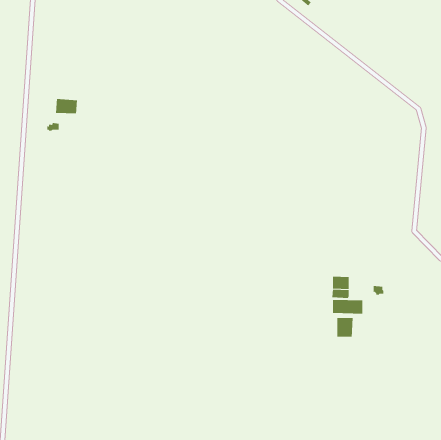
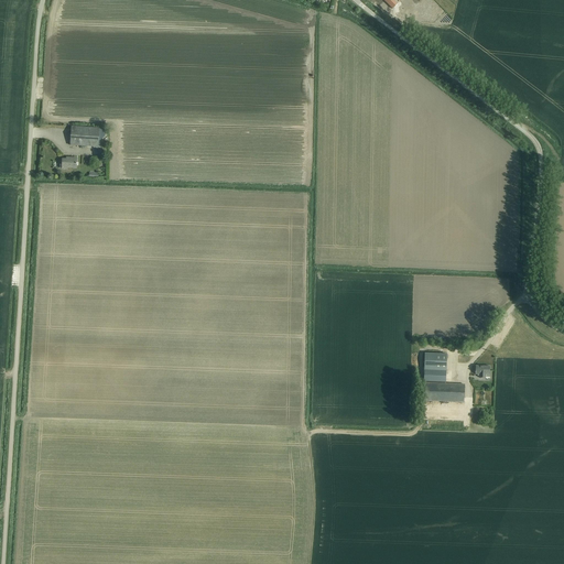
building: [337,317,353,338] -> none

